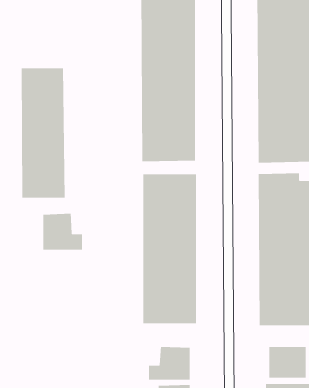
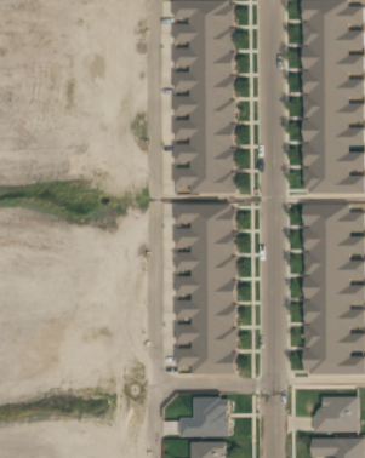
building: [21,68,65,199] -> none
building: [43,213,82,251] -> none

